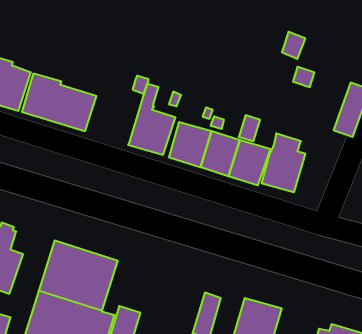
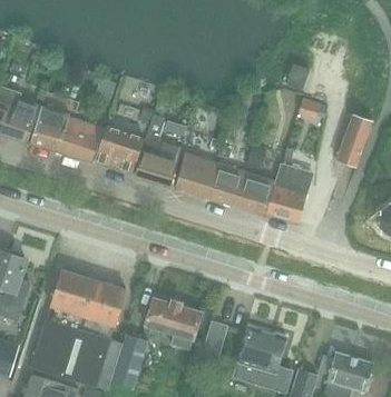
building: none -> [95,125,144,171]
building: none -> [145,298,201,350]

